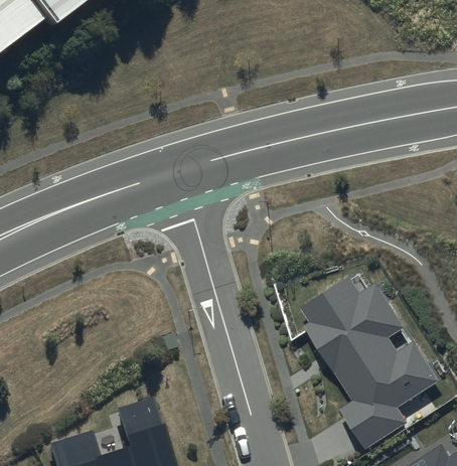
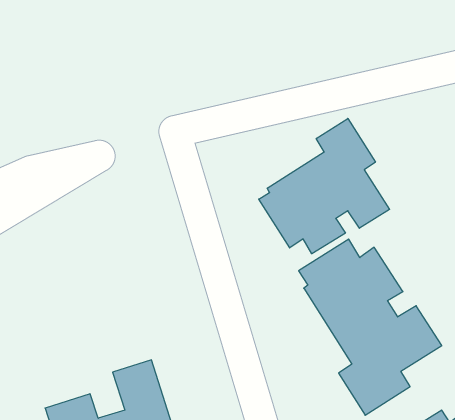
building: none -> [259,118,390,254]

